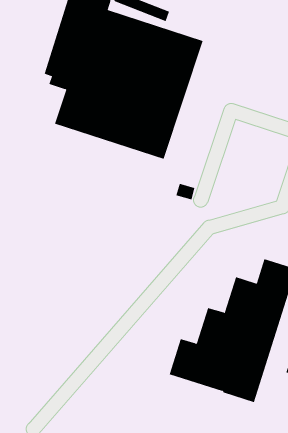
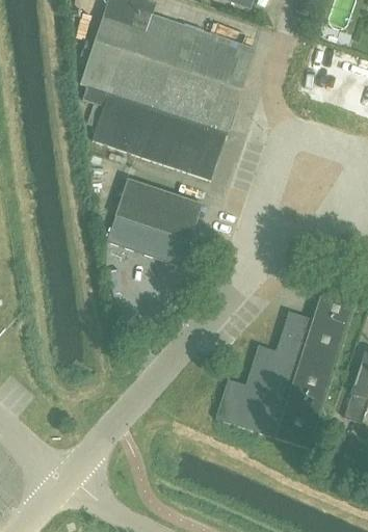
building: none -> [108,177,204,265]

